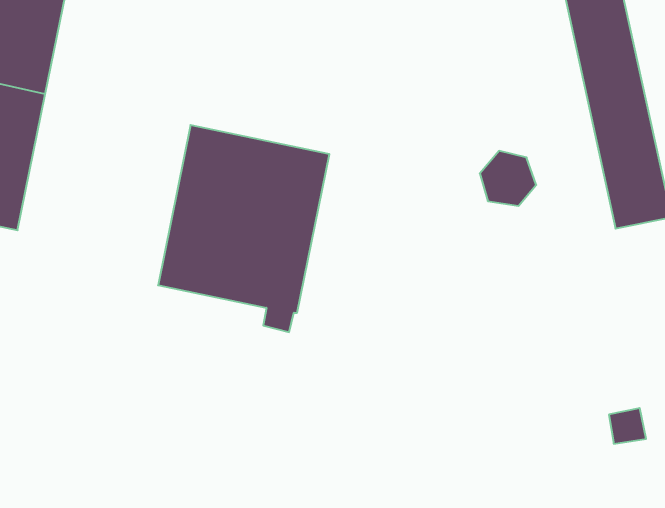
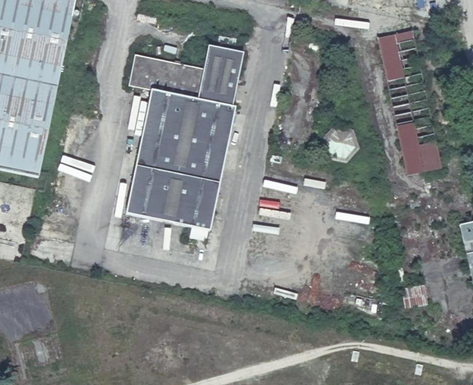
building: none -> [128,43,243,129]

